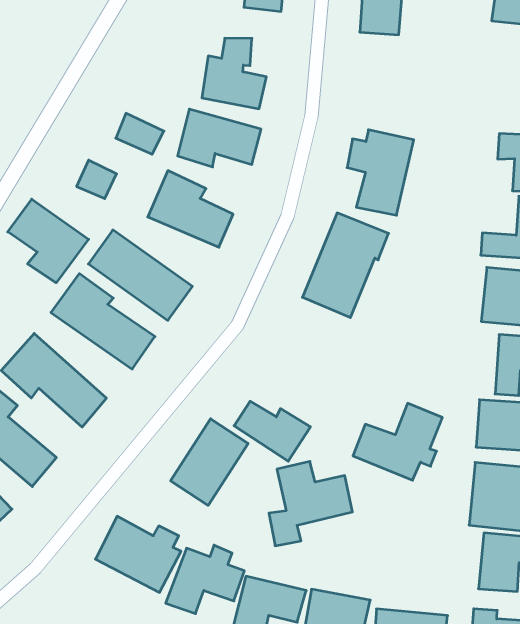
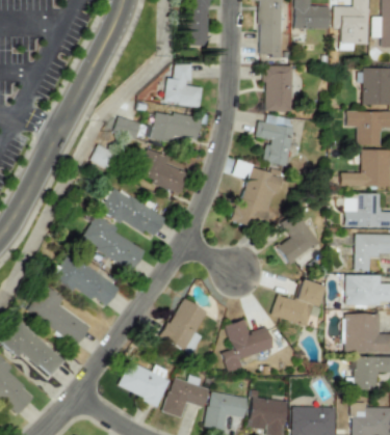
building: none -> [264,65,293,112]
building: [8,199,89,283] -> none
building: none -> [278,212,320,264]
building: [234,401,310,461] -> none

